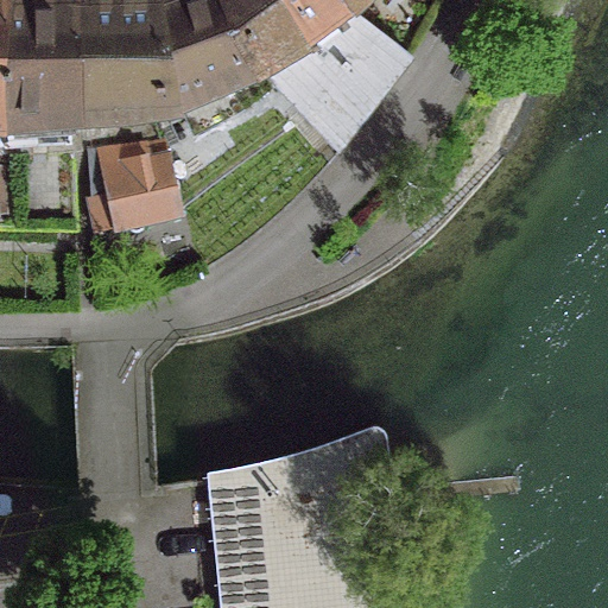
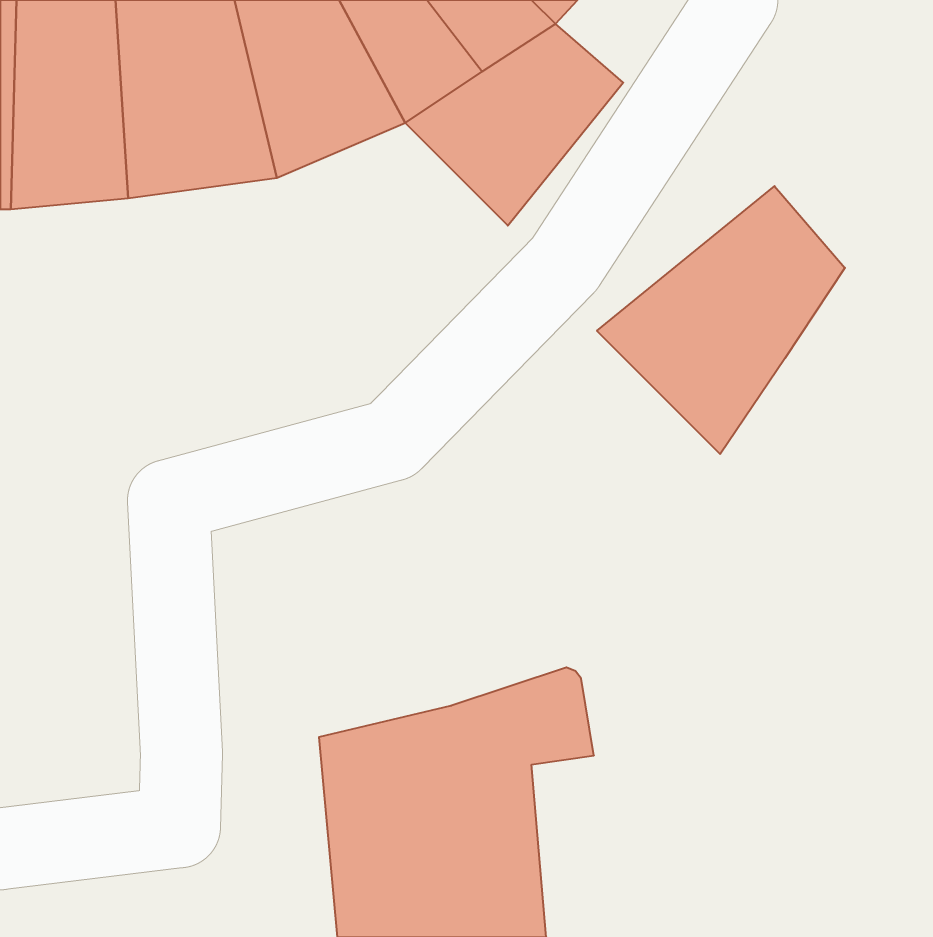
building: none -> [597,186,845,454]
building: [84,140,178,233] -> none

